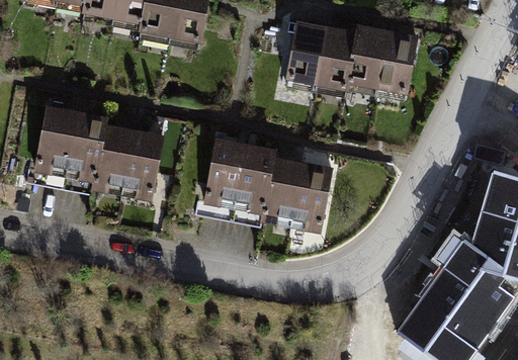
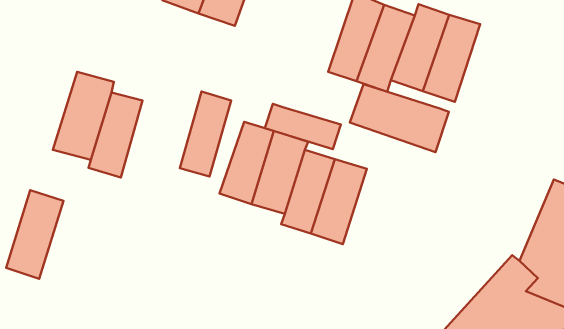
building: none -> [350,84,449,152]
building: [33,106,76,181] -> [6,190,63,279]
building: none -> [265,104,341,149]
building: [123,130,161,202] -> [180,91,231,176]

